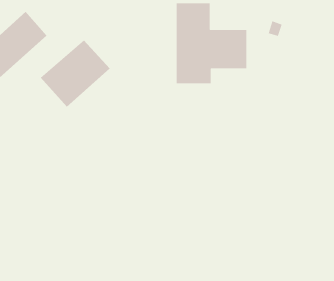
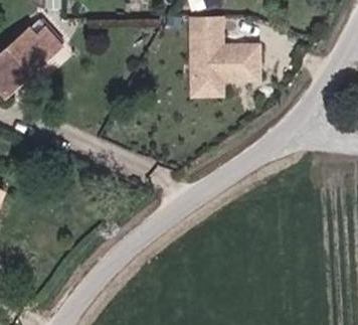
building: [40,40,110,107] -> none

